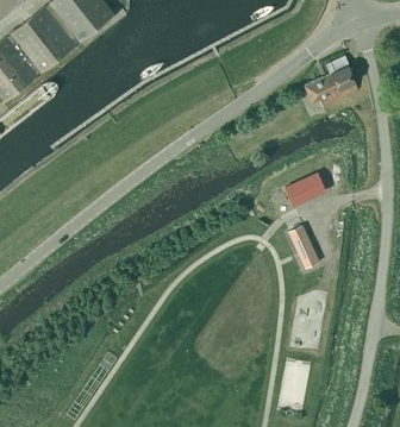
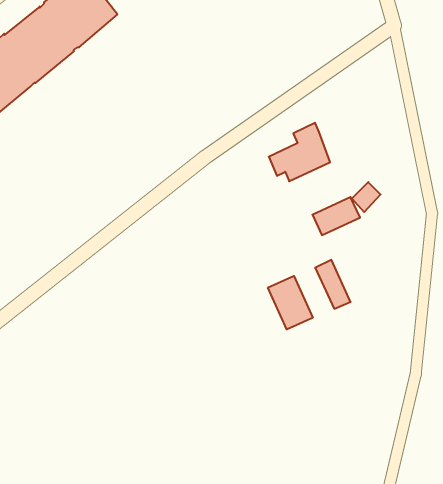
building: [304,57,357,108] -> [269,123,330,181]
building: none -> [268,276,313,329]

